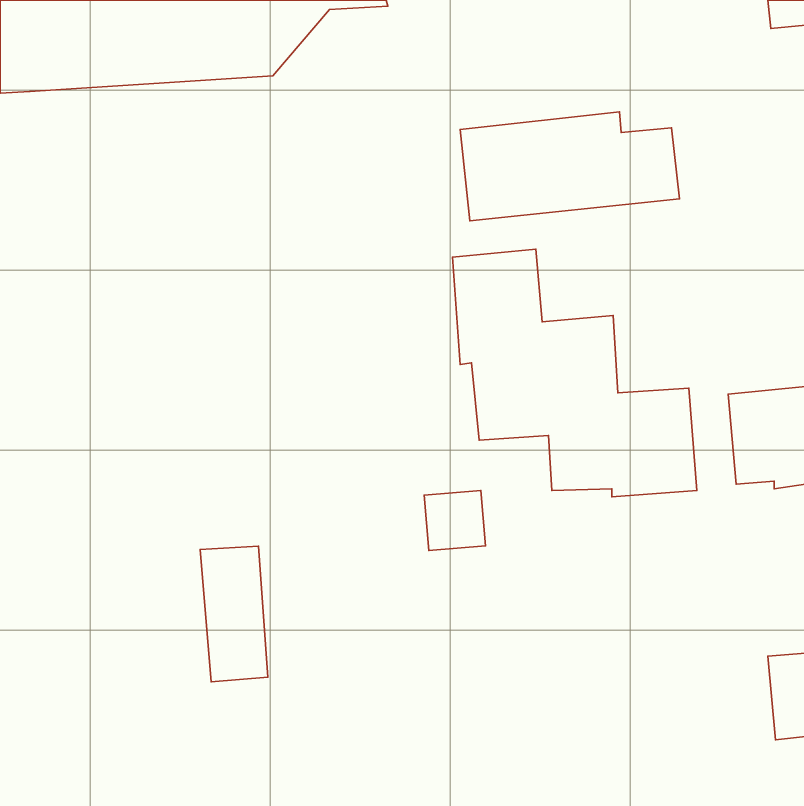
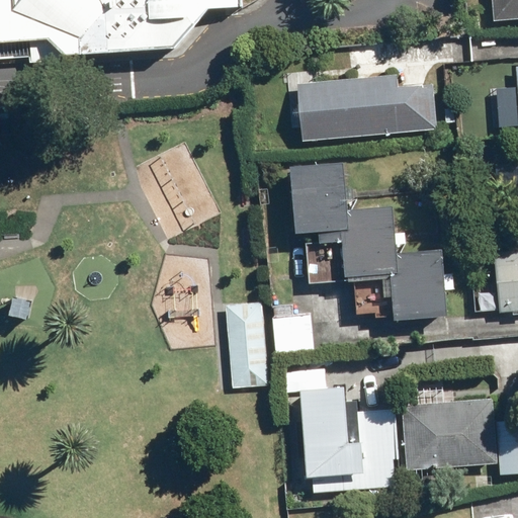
building: [200,546,268,682] -> [223,303,266,390]
building: none -> [301,386,394,491]
building: none -> [401,398,495,467]

